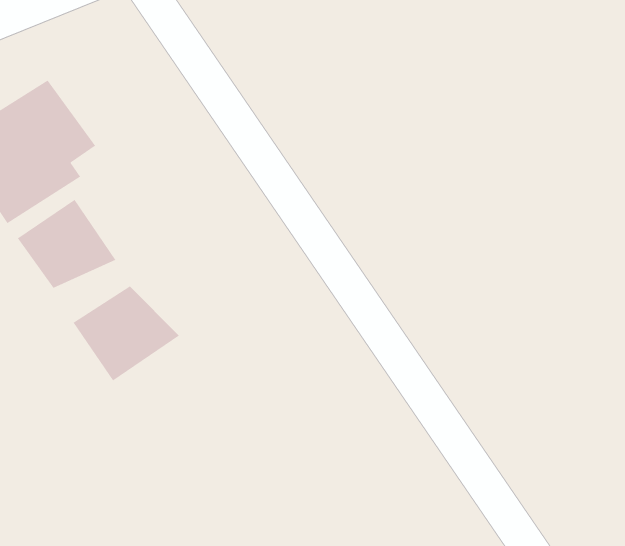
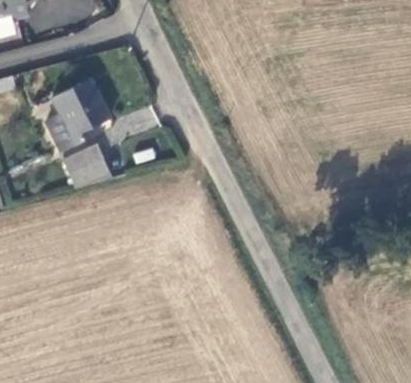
building: [73,286,180,381] -> none

